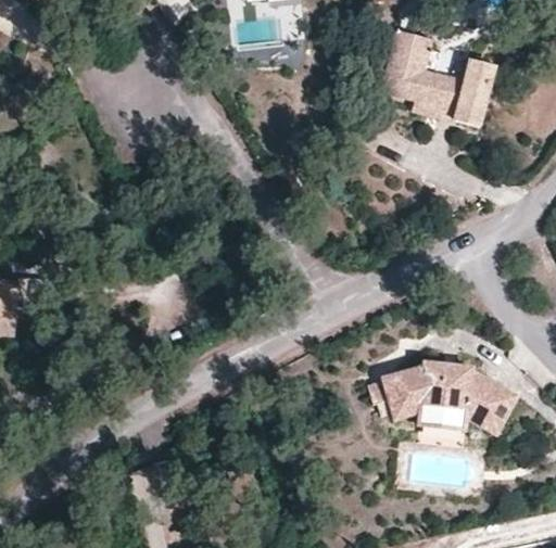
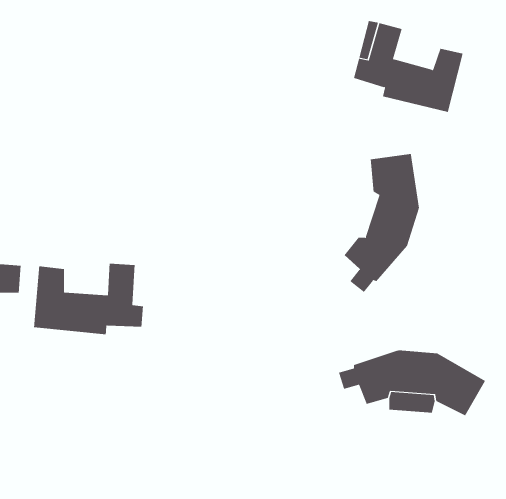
building: none -> [344,153,419,293]
building: none -> [33,263,143,335]

